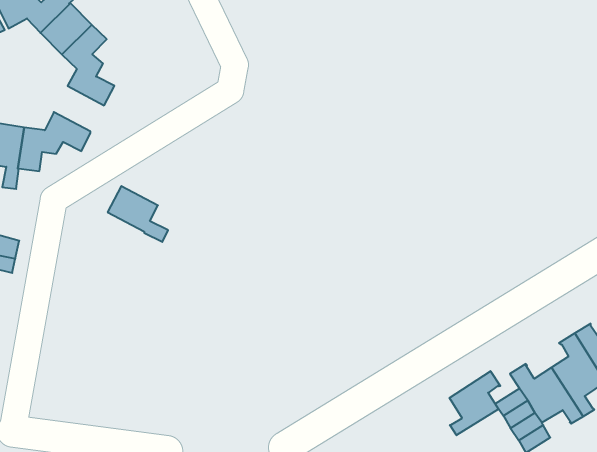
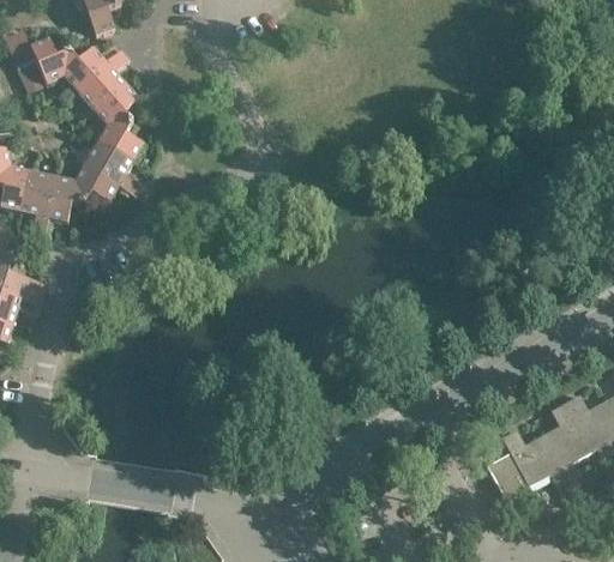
building: [108,186,168,242] -> [83,140,139,195]
building: [450,371,500,435] -> none

